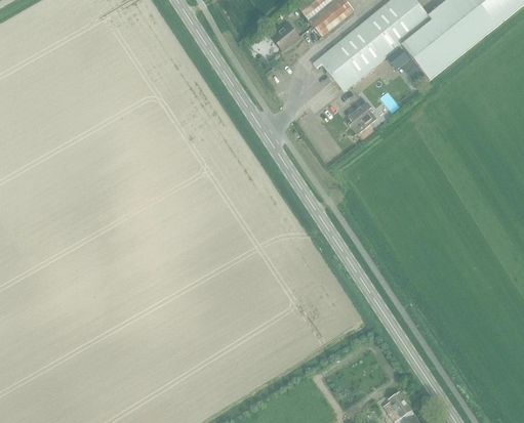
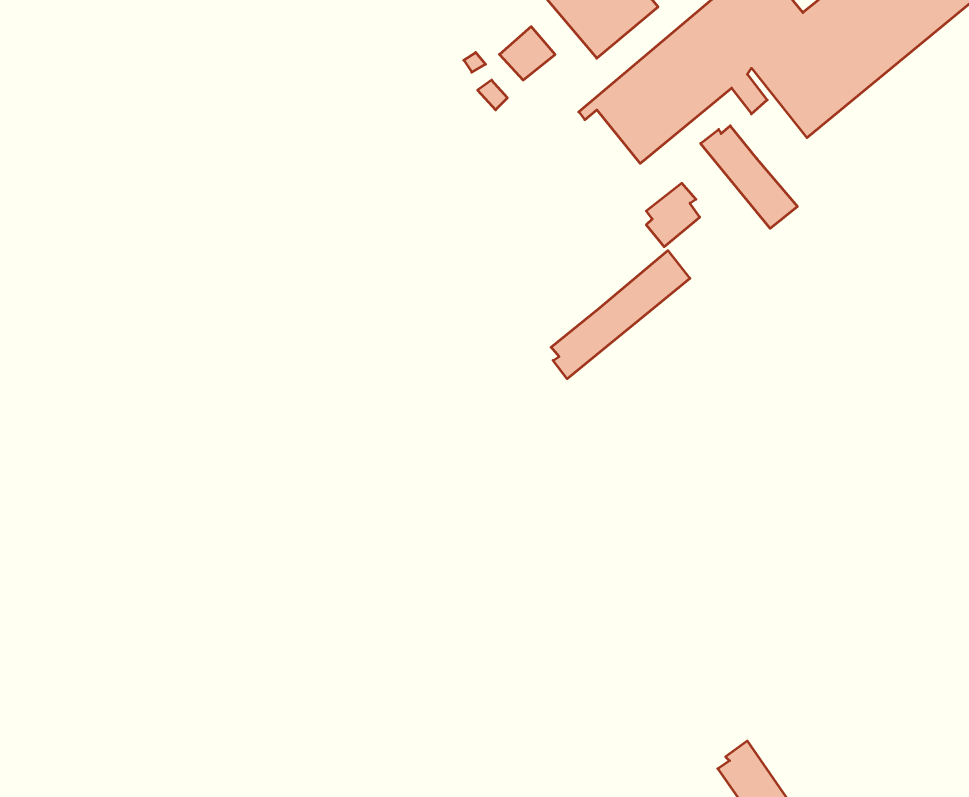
building: none -> [701,126,797,228]
building: none -> [551,251,690,379]

